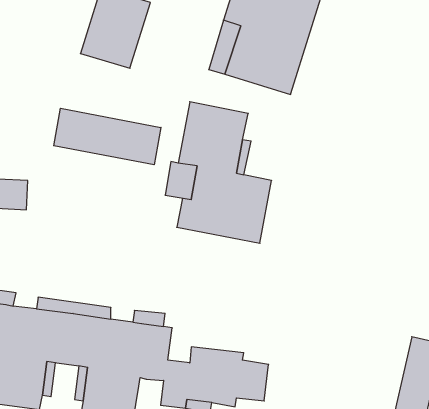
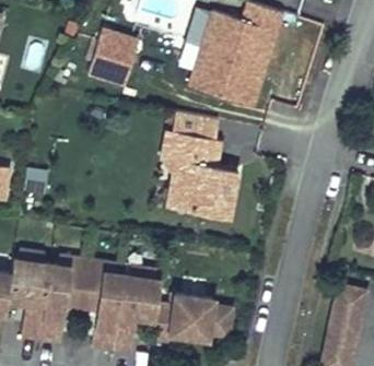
building: [54,108,161,165] -> none

